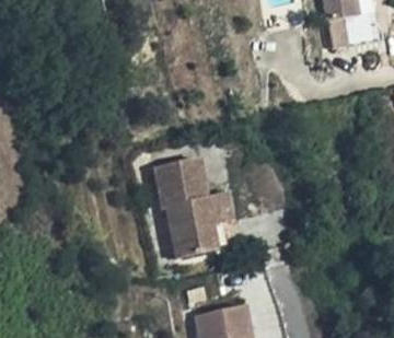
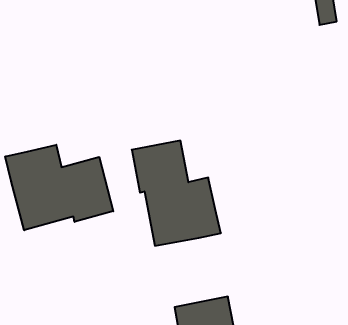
building: none -> [5,145,113,230]

